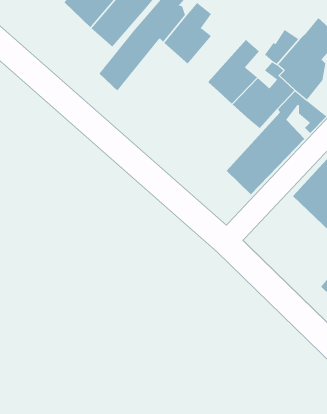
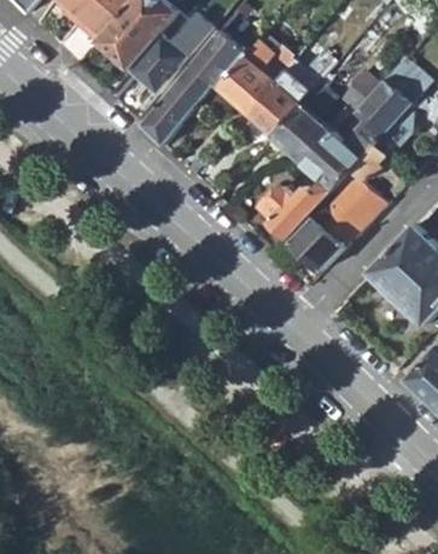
building: none -> [245,57,327,135]
building: none -> [263,180,332,239]

